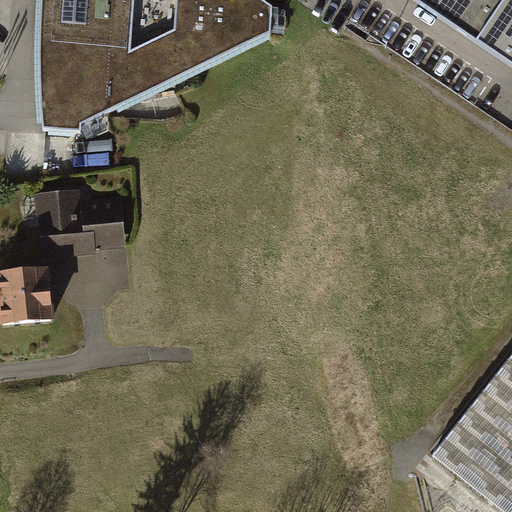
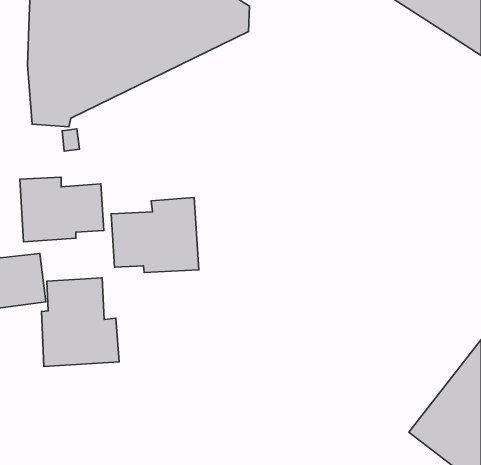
building: none -> [111,197,199,272]
building: none -> [41,278,119,367]

